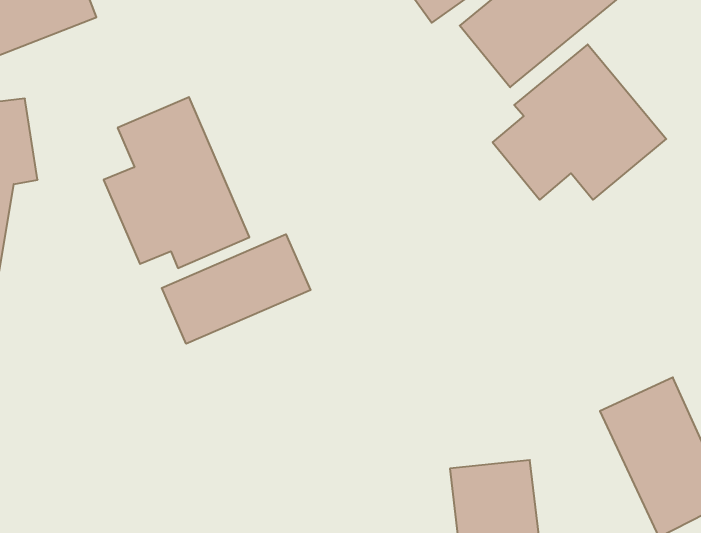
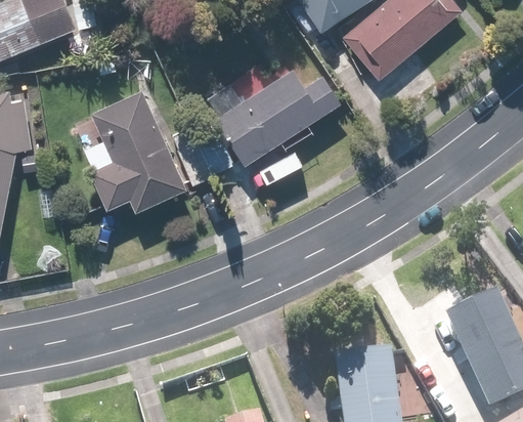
building: [493,44,666,200] -> none
building: none -> [206,67,342,165]
building: [162,234,311,344] -> none

